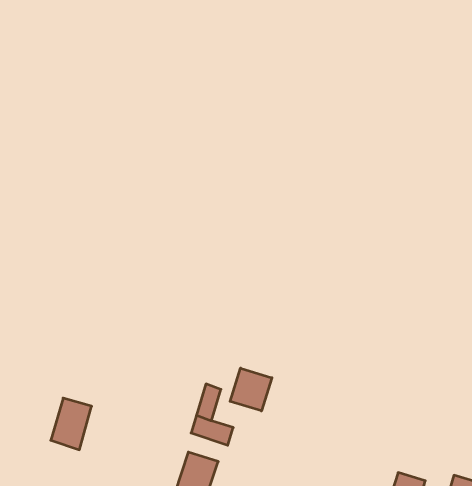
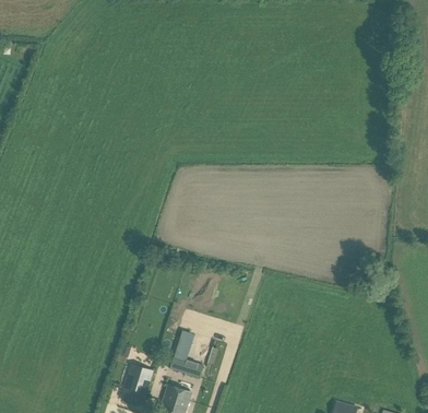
building: [230,368,272,411] -> none
building: [51,398,92,450] -> [121,363,154,404]

